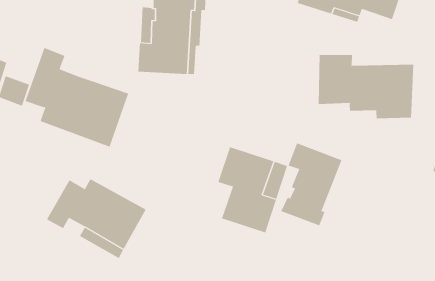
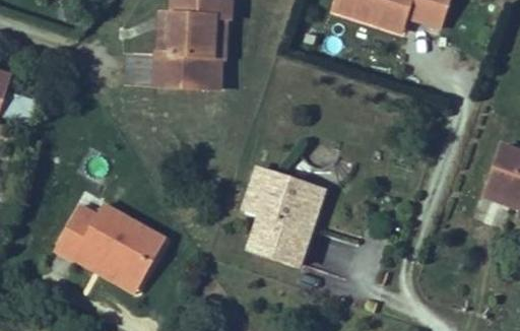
building: [25,47,129,147] -> none
building: [318,54,414,119] -> none
building: [281,143,342,226] -> none

